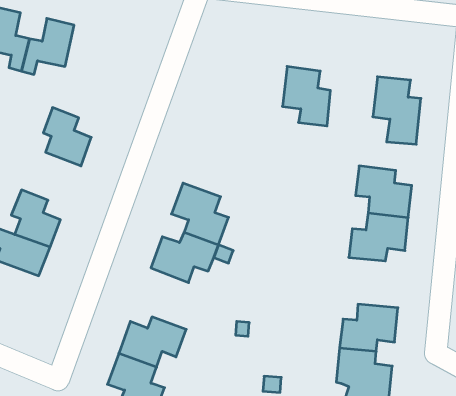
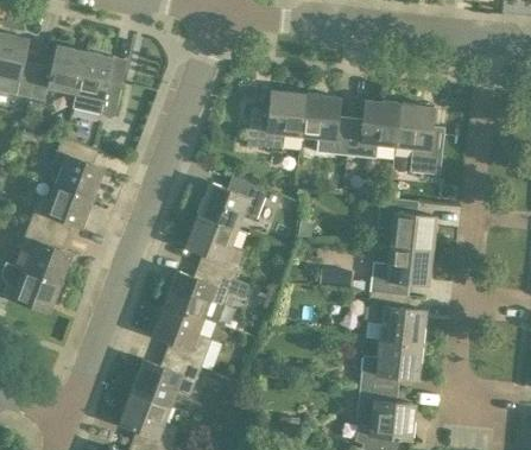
building: none -> [72,51,121,116]
building: none -> [246,90,305,148]
building: none -> [347,100,399,159]
building: none -> [197,177,268,229]
building: none -> [30,183,91,233]
building: none -> [367,292,425,344]
building: none -> [152,303,211,367]

